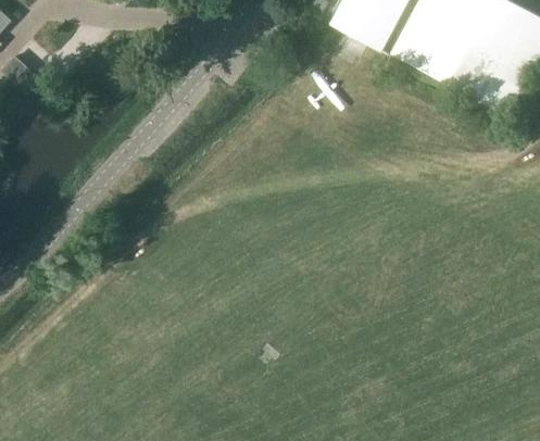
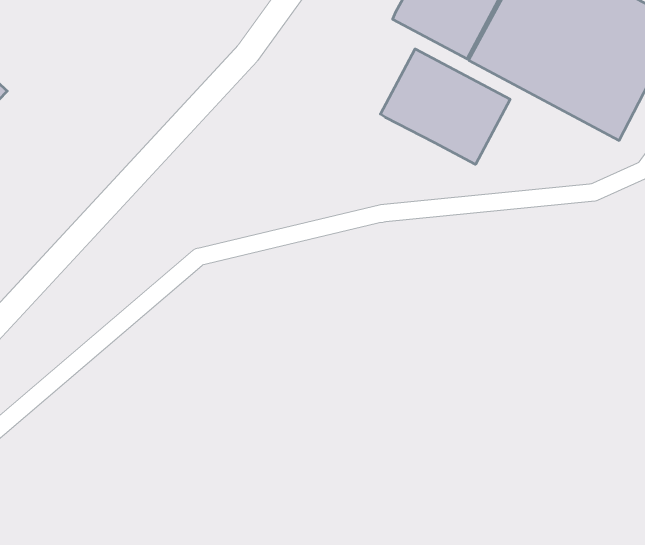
building: none -> [380,49,510,164]

